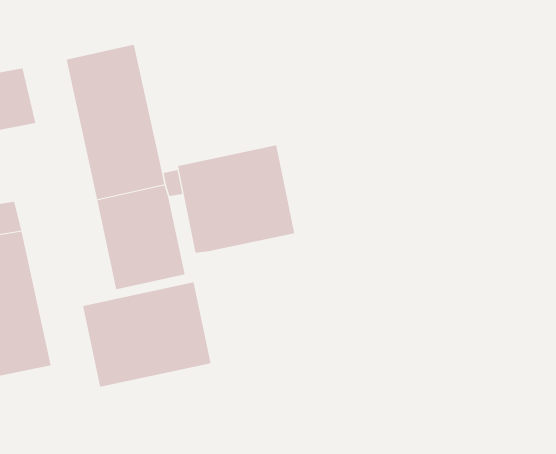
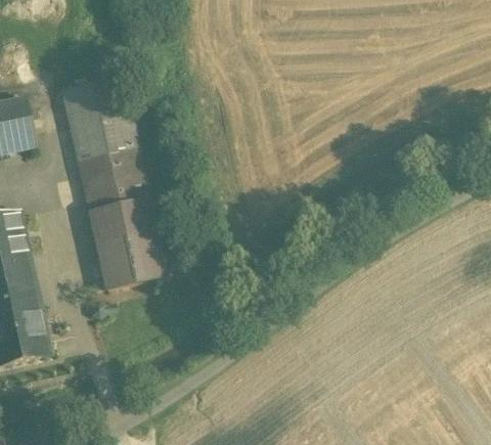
building: [178,144,295,254] -> none
building: [83,282,211,388] -> none

